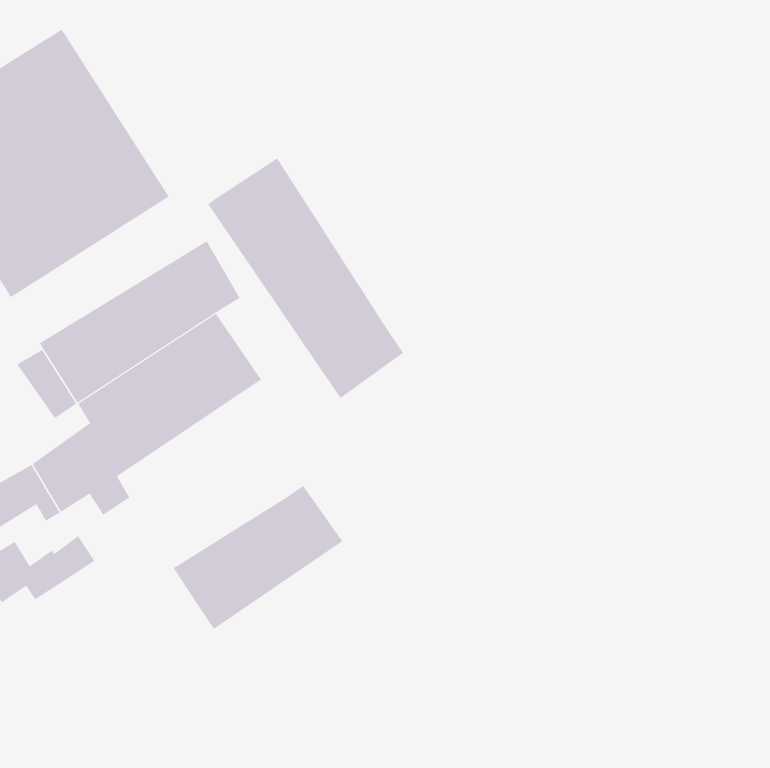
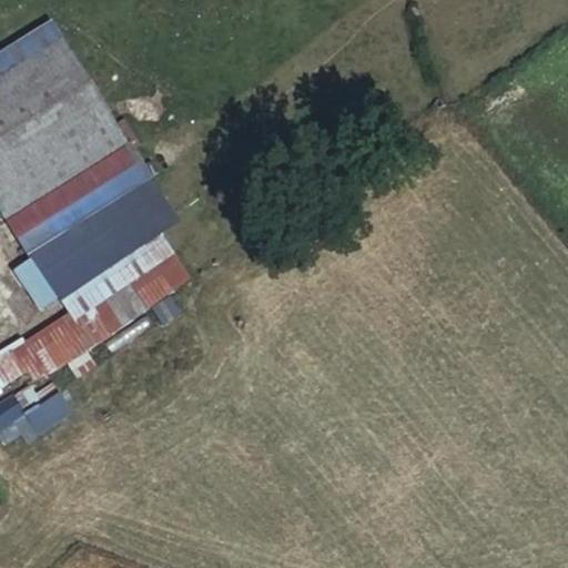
building: [208,158,404,399] -> none
building: none -> [8,140,152,252]
building: [173,485,343,629] -> none

